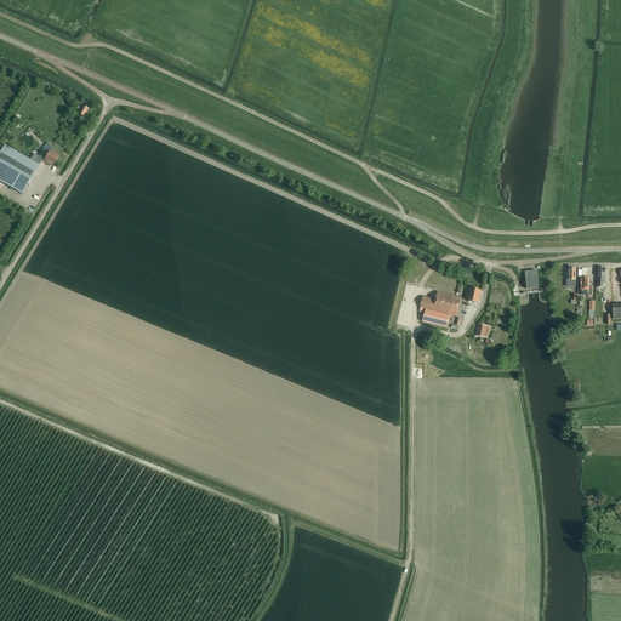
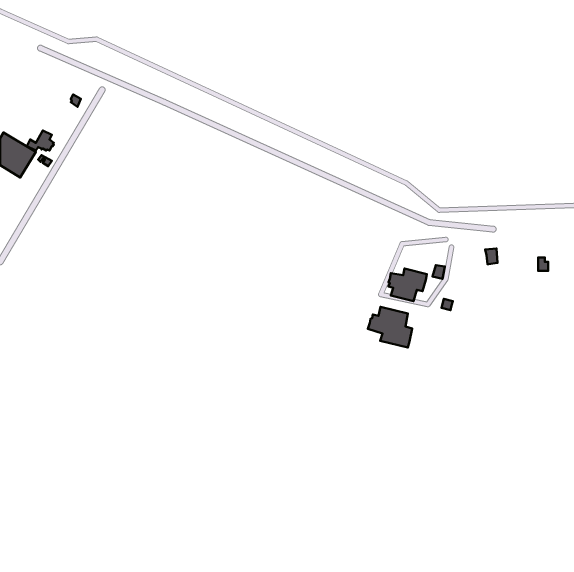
building: none -> [368,307,412,348]

